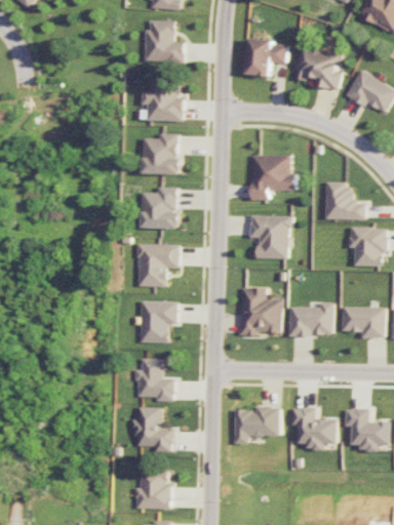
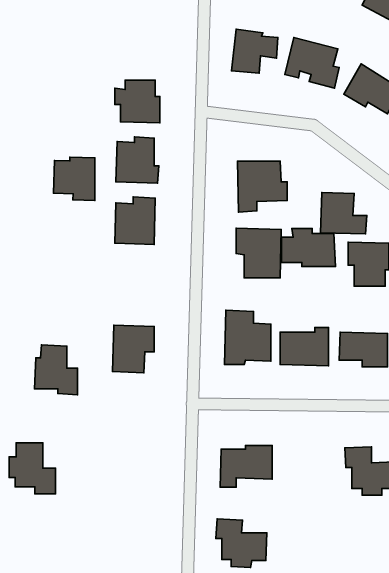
building: [144,21,184,63] -> none
building: none -> [53,157,95,200]
building: none -> [281,229,335,266]
building: [136,243,179,286] -> none
building: [135,358,173,402] -> [35,345,77,395]
building: [131,407,172,452] -> [9,443,56,494]
building: [292,407,338,450] -> [216,519,267,568]
building: [134,470,171,510] -> none

